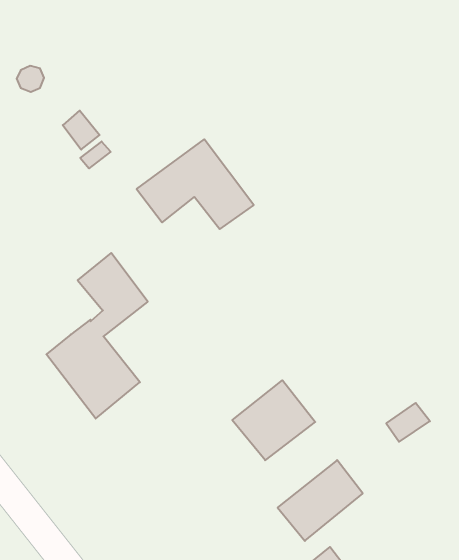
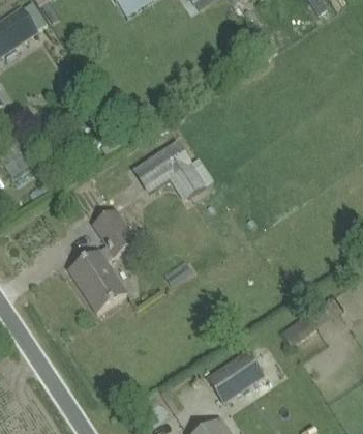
building: [232,380,315,460] -> none

